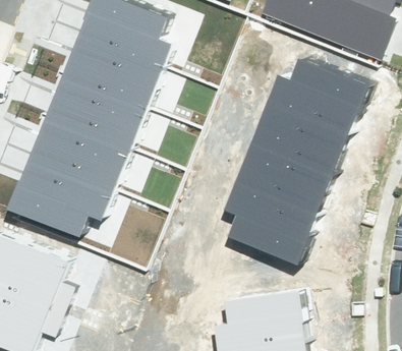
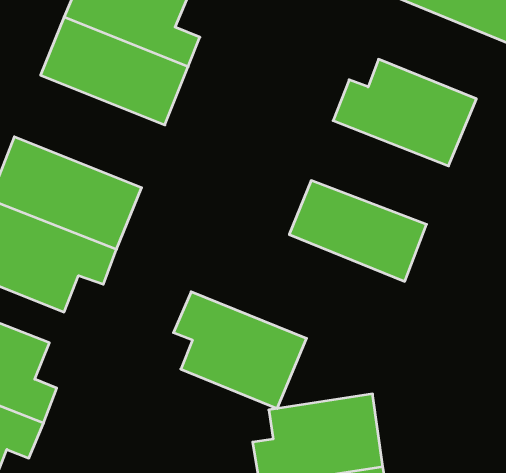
building: [45,71,150,150] -> none
building: [251,103,347,175] -> none
building: [224,182,317,264] -> [173,292,307,409]

